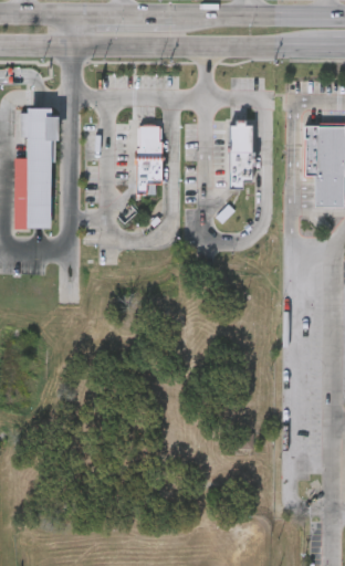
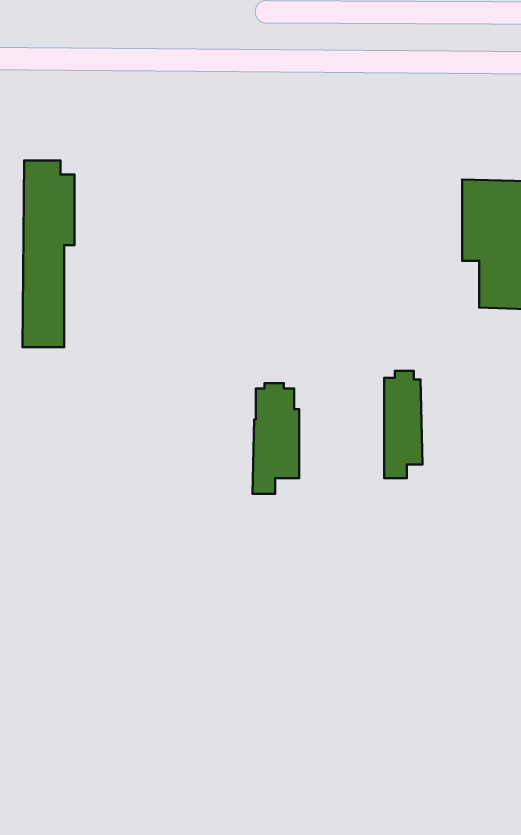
building: [226,125,250,193] -> [384,371,422,478]
building: [135,128,165,199] -> [253,383,299,494]

